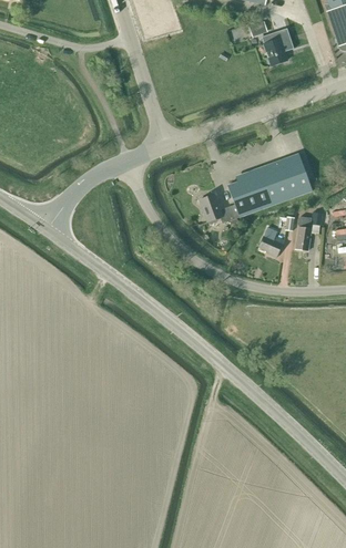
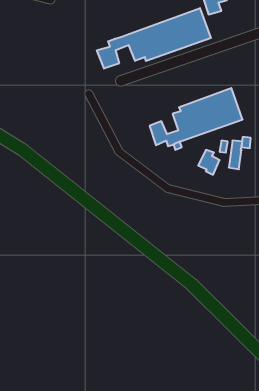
building: none -> [97,8,211,69]

